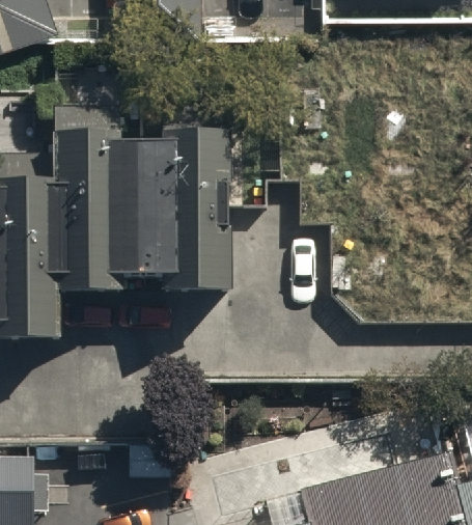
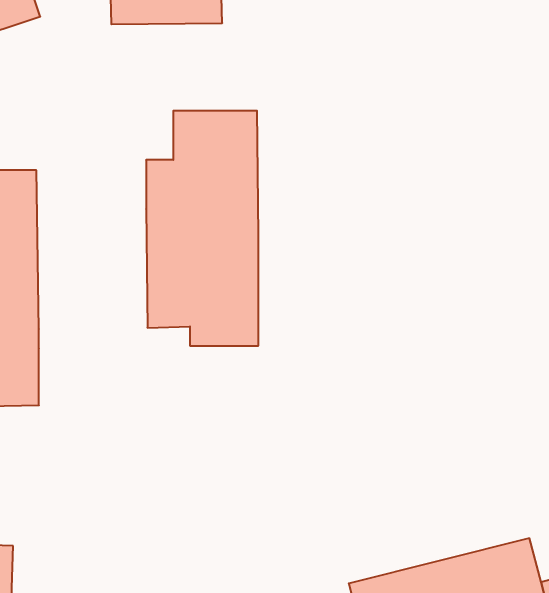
building: [52,110,141,299] -> none

